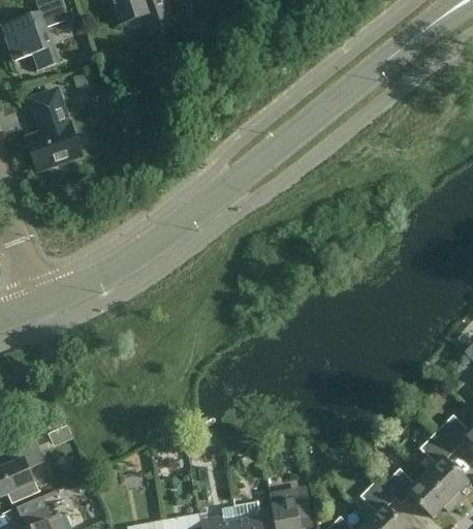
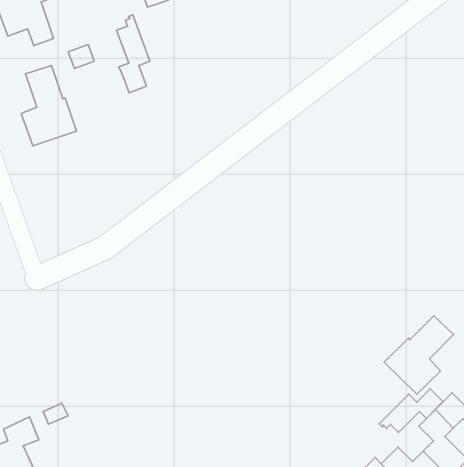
building: none -> [117,15,150,93]
building: none -> [384,316,454,394]
building: none -> [379,389,443,432]

